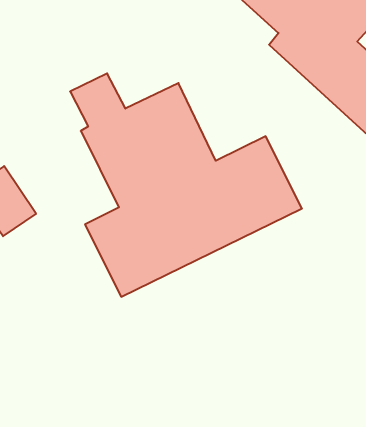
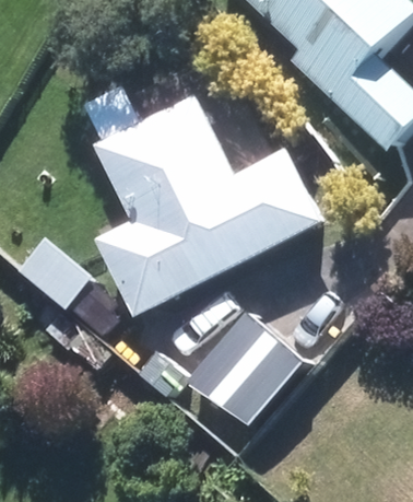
building: none -> [177,304,294,422]

